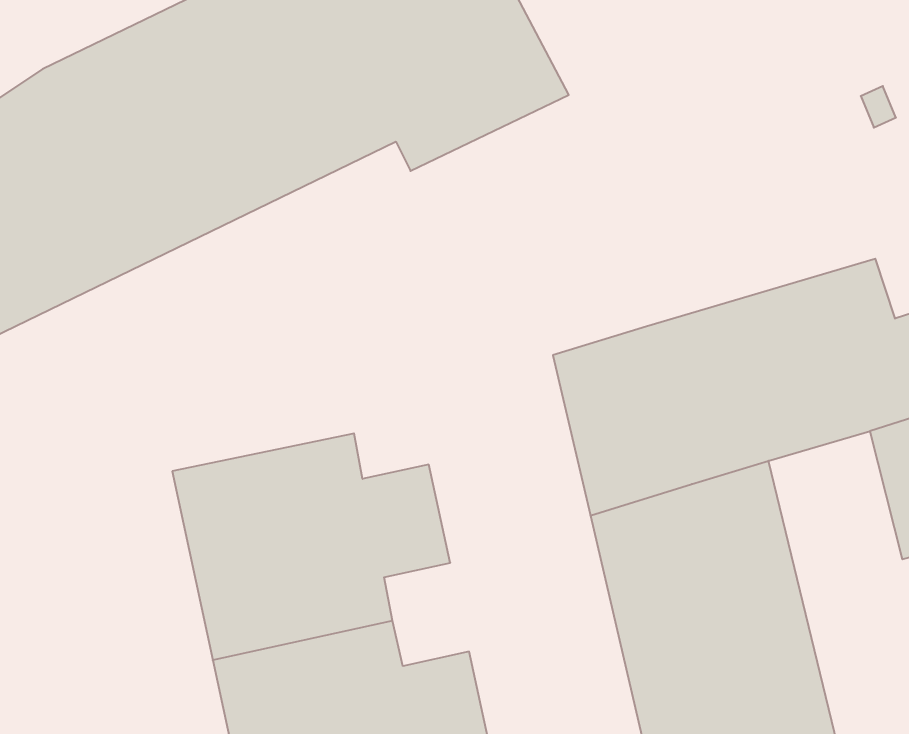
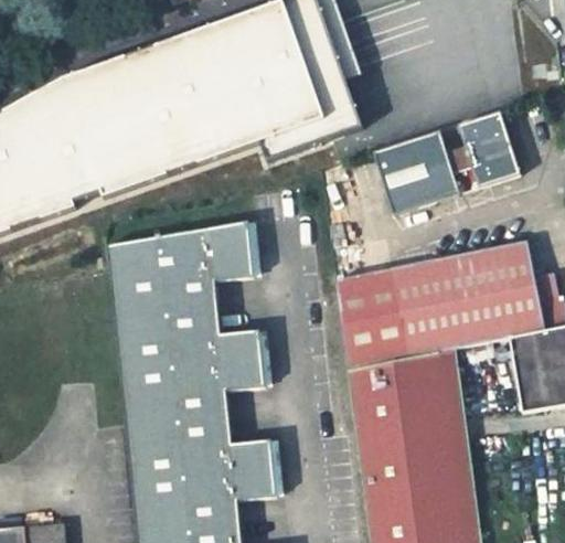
building: none -> [374,110,521,215]
building: none -> [108,222,255,319]

